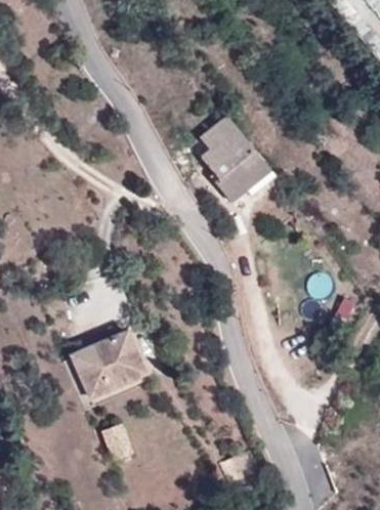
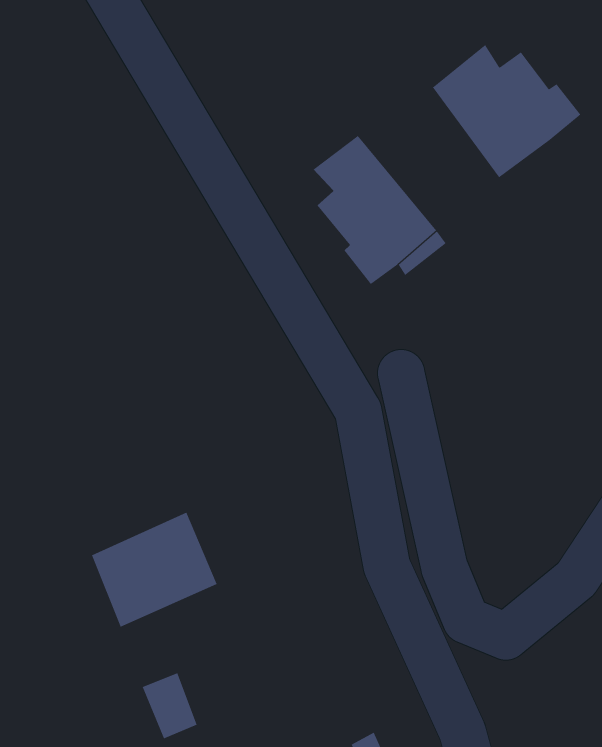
building: none -> [432,44,581,178]

